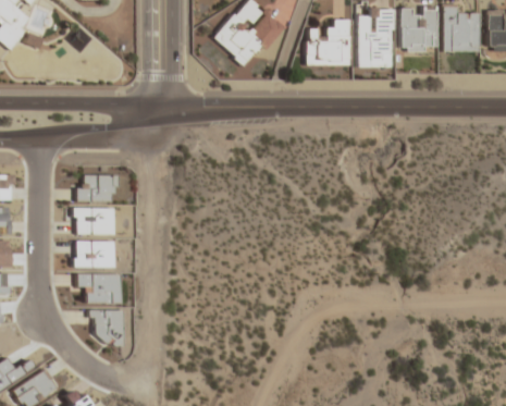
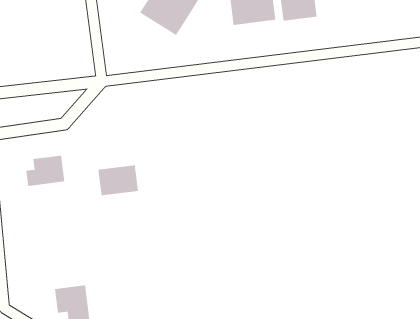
building: [74,207,113,234] -> [98,165,139,196]
building: [74,239,113,266] -> none
building: [77,273,122,302] -> none

